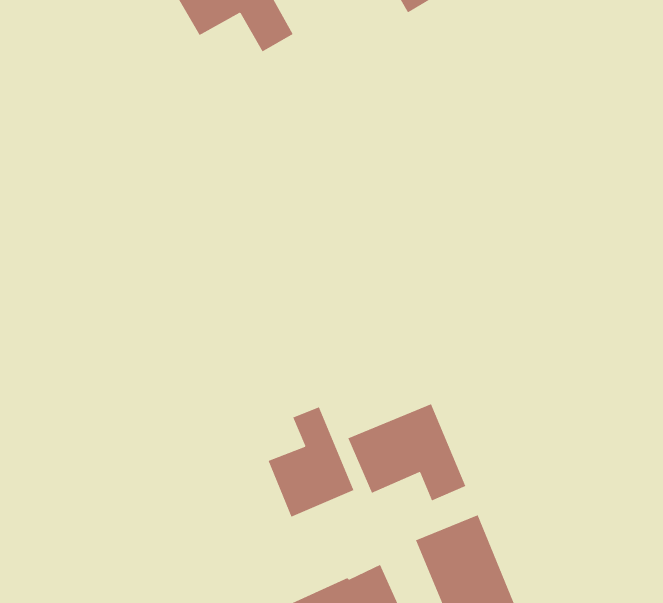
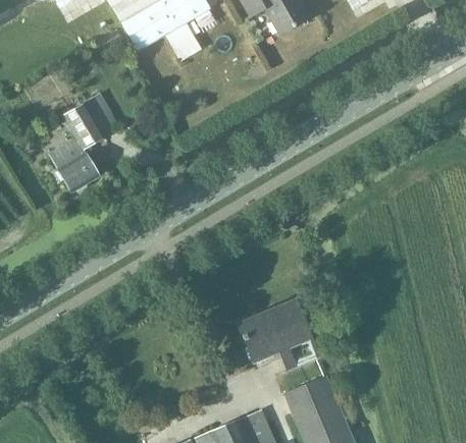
building: none -> [48,93,119,191]
building: [268,407,354,517] -> none

